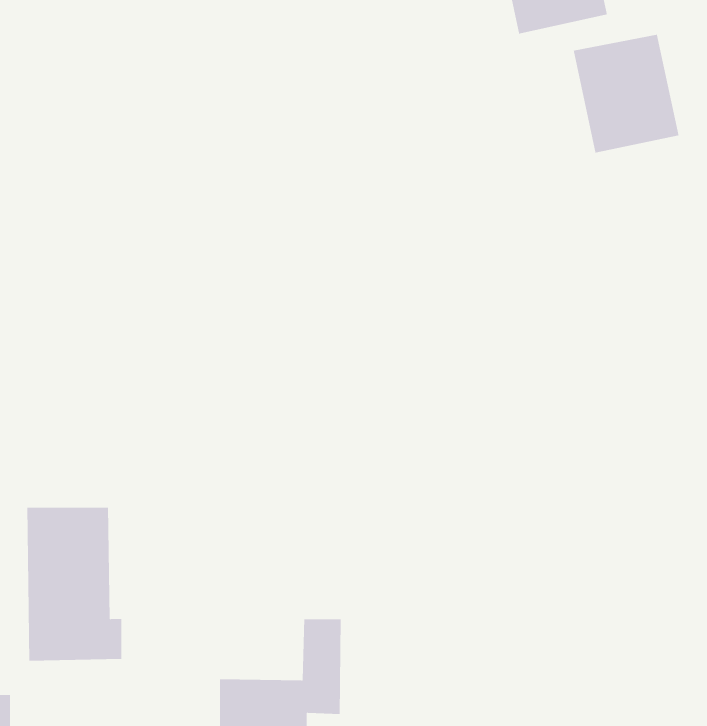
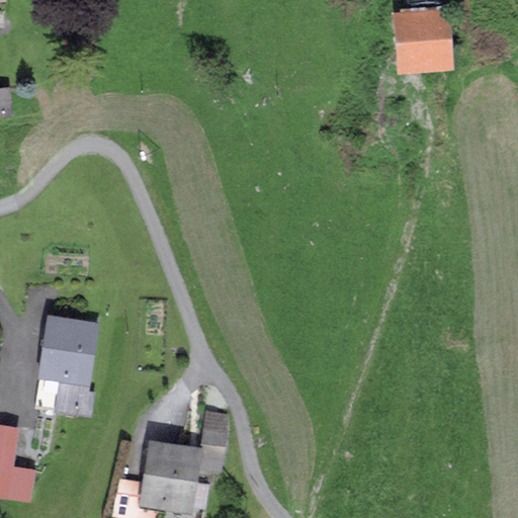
building: [573,34,679,154] -> none

